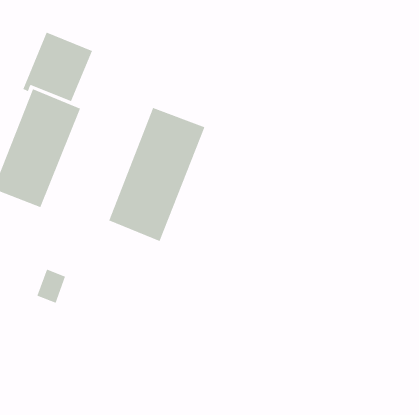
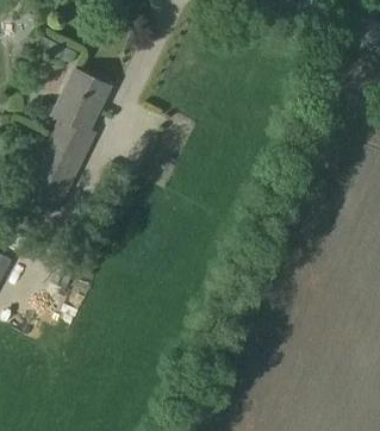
building: [108,107,205,242] -> none

